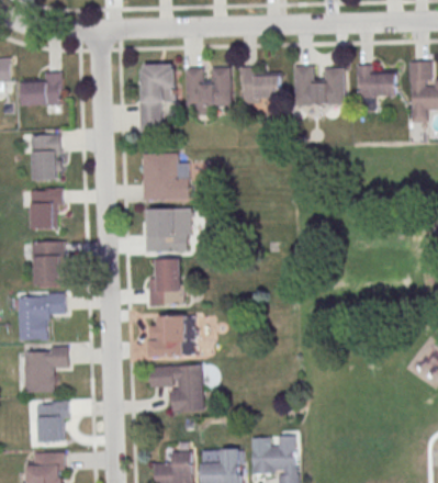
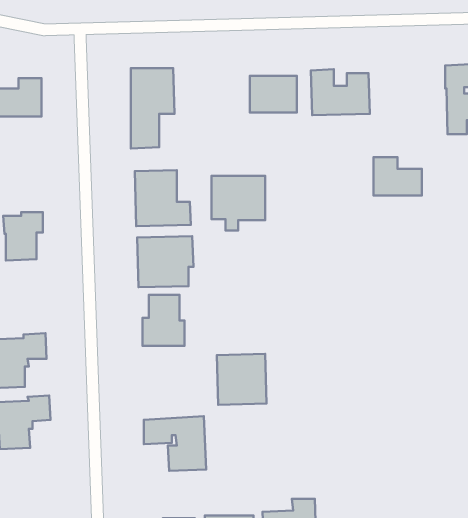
building: [356,65,397,98] -> [373,157,422,195]
building: [184,67,231,114] -> [211,176,265,231]
building: [31,134,60,180] -> none
building: [32,240,63,287] -> none
building: [148,313,191,357] -> [217,354,267,405]
building: [37,402,68,442] -> none

